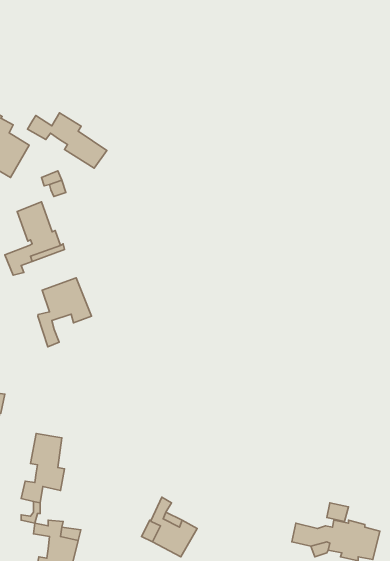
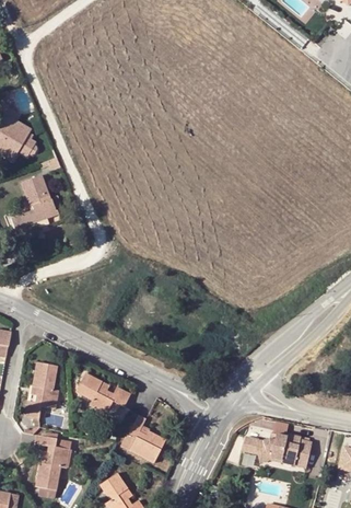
building: [28,113,107,168] -> none
building: [38,278,91,347] -> none
building: none -> [75,372,130,414]

